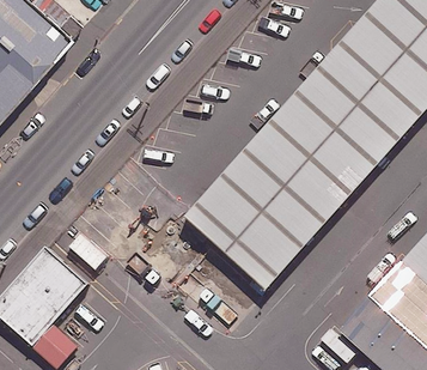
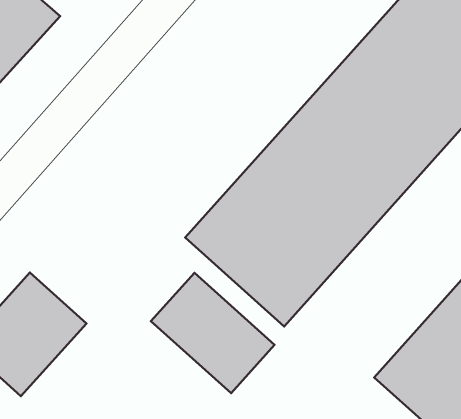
building: none -> [151,273,275,393]

